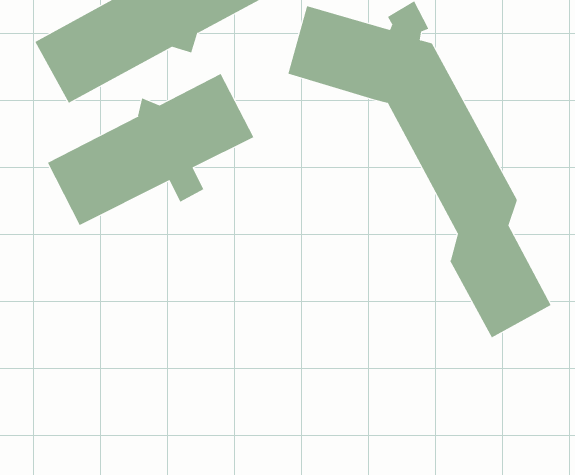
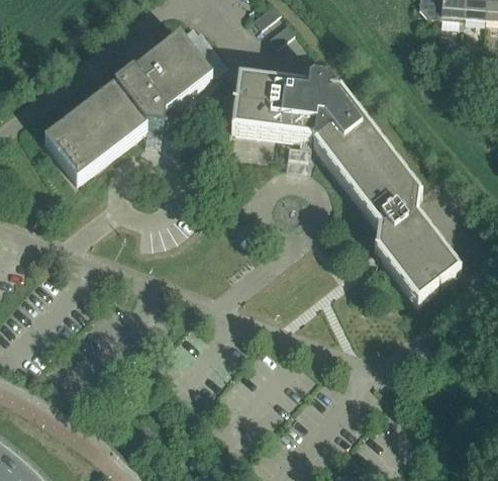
building: [47,73,254,226] -> none

